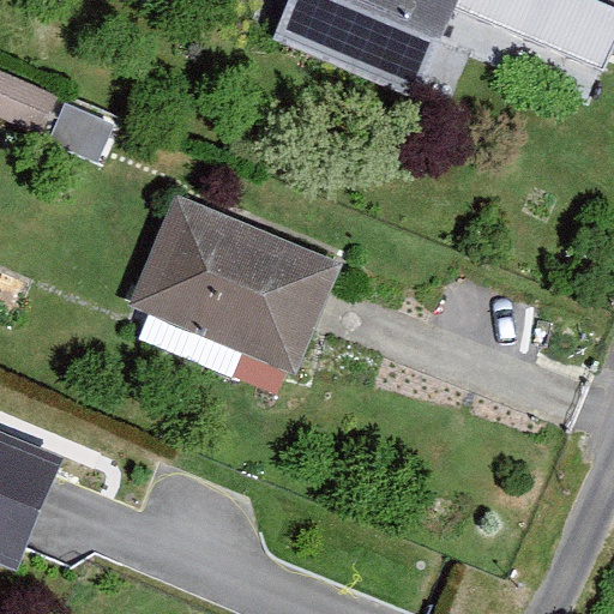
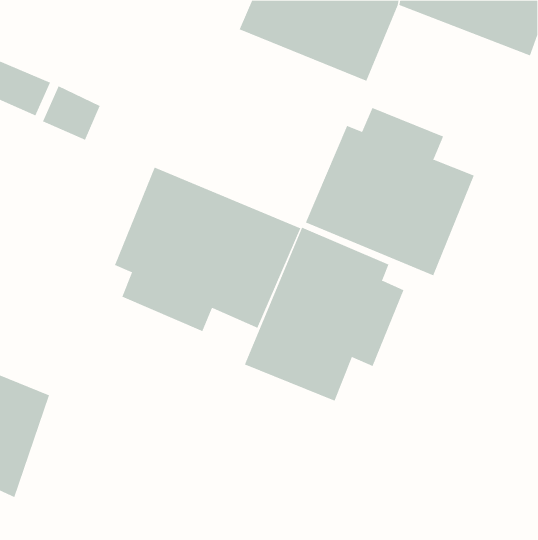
building: none -> [305,107,474,276]
building: none -> [244,227,404,401]

